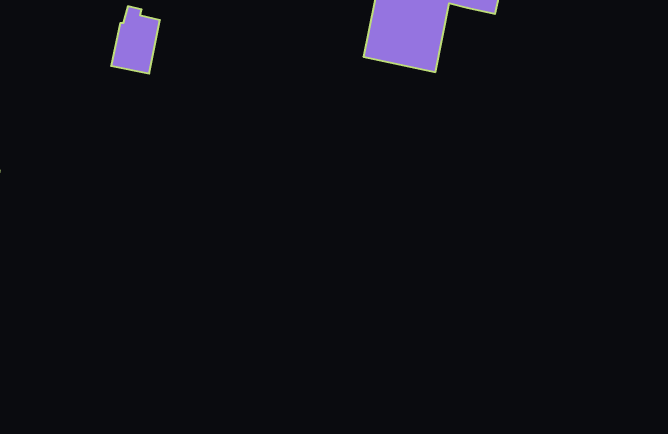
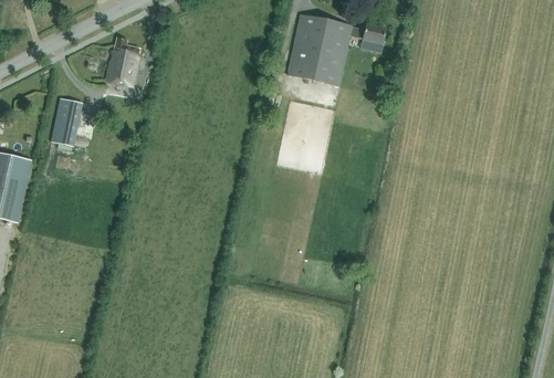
building: none -> [51,96,82,144]

